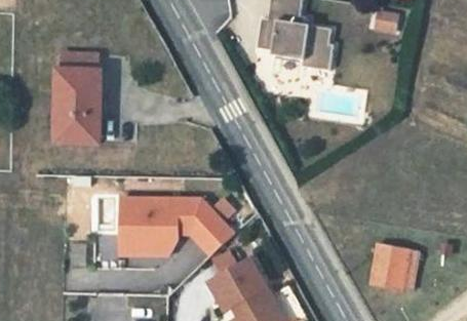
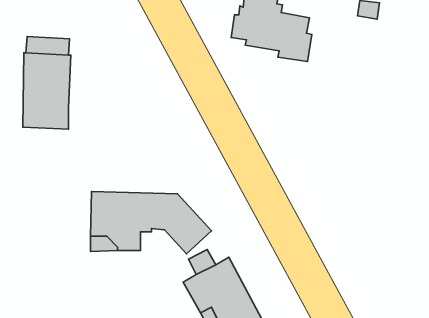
building: [373,244,408,289] -> none

